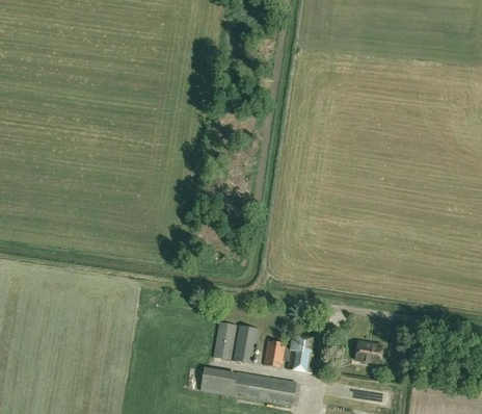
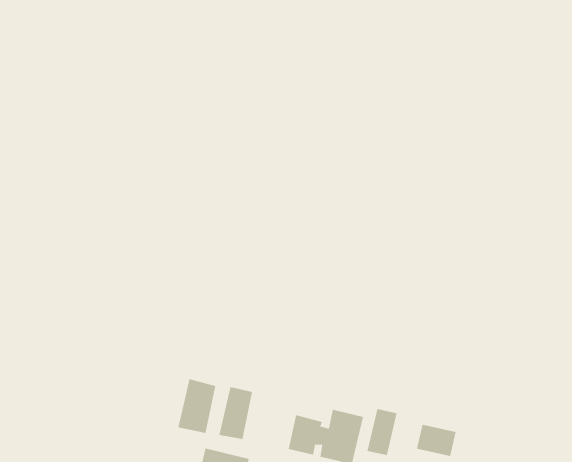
building: [232,325,258,363] -> [177,379,216,434]
building: none -> [367,408,397,456]

